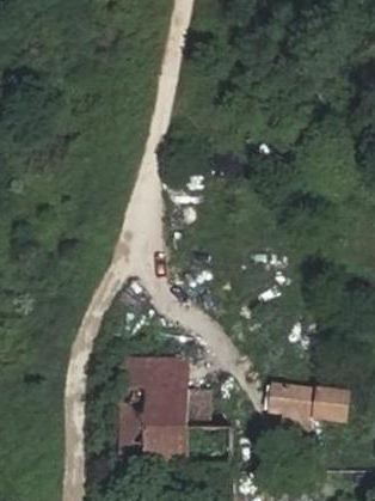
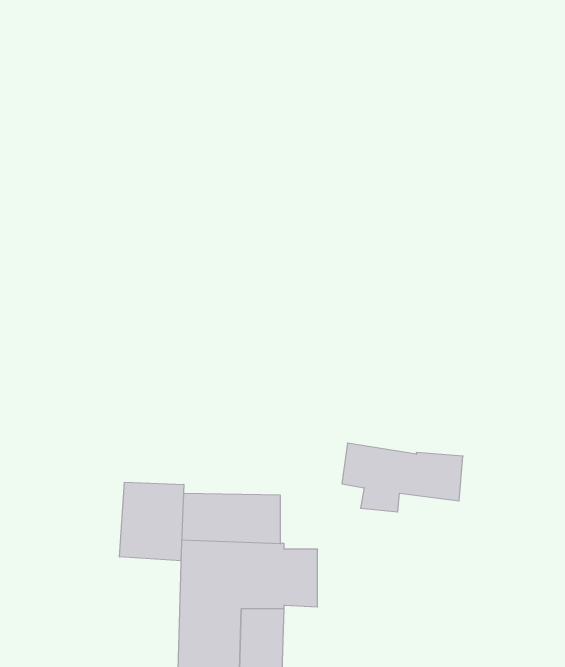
building: none -> [119,482,184,561]
building: [270,383,348,427] -> [342,443,463,512]

